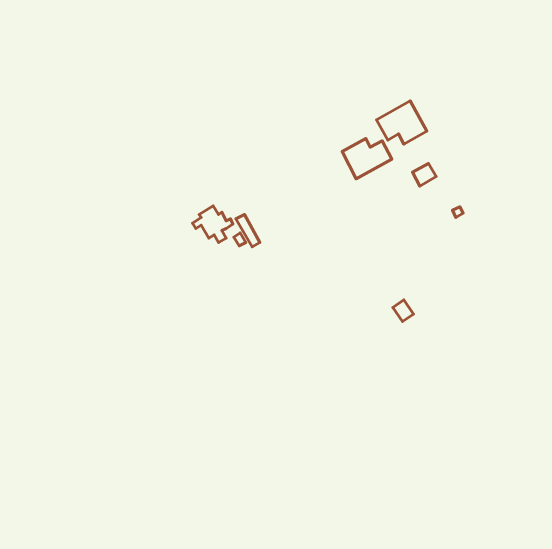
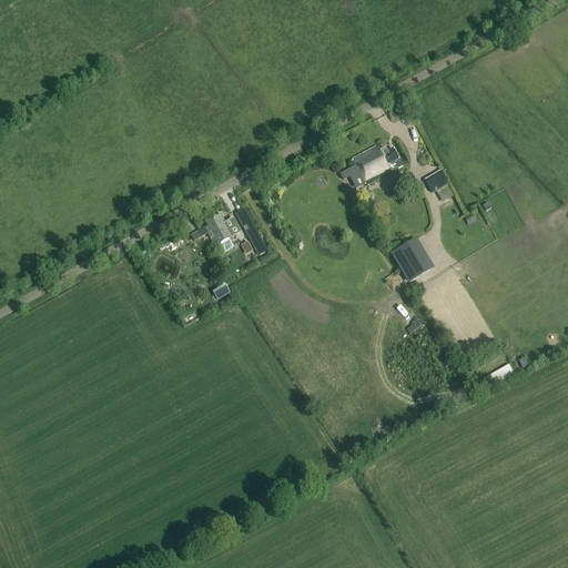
building: [377,101,427,144] -> none
building: none -> [393,240,426,281]

